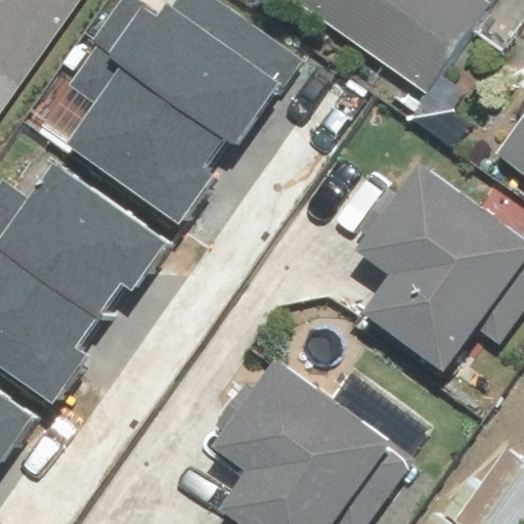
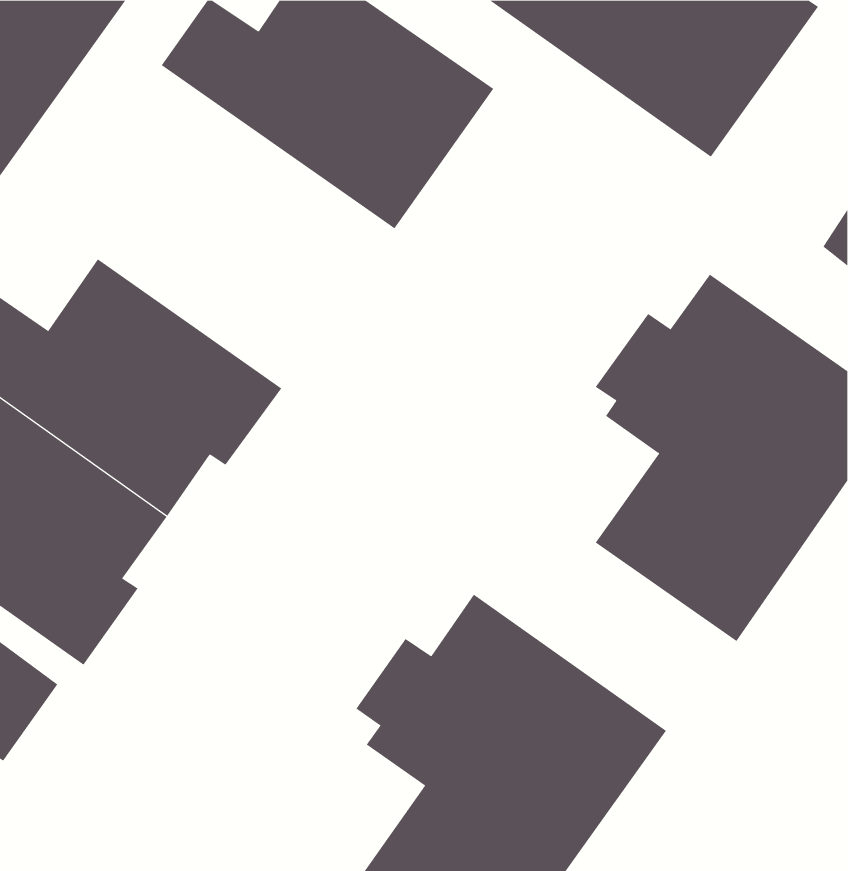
building: [67,41,226,222] -> none

